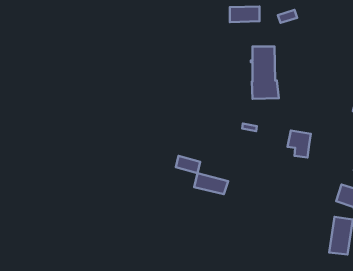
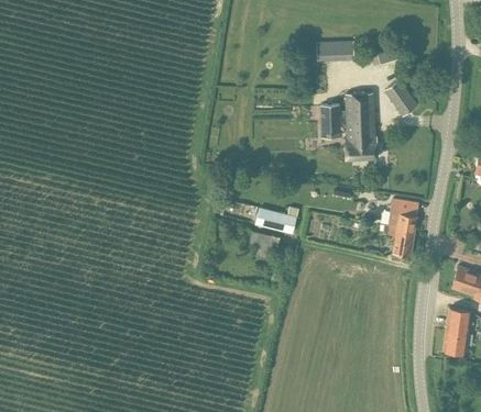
building: none -> [384,80,417,116]
building: none -> [320,104,343,137]
building: none -> [383,220,415,260]
building: [194,173,228,194] -> [254,208,297,234]

